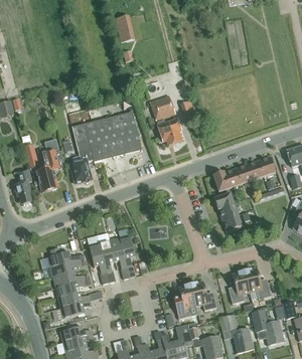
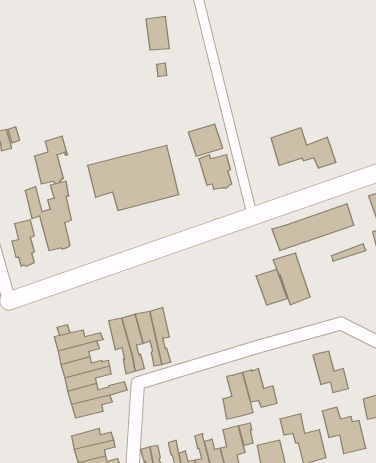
building: none -> [271,128,336,168]
building: [70,147,96,183] -> [34,136,68,184]
building: none -> [256,269,287,305]
building: [229,271,250,304] -> none

